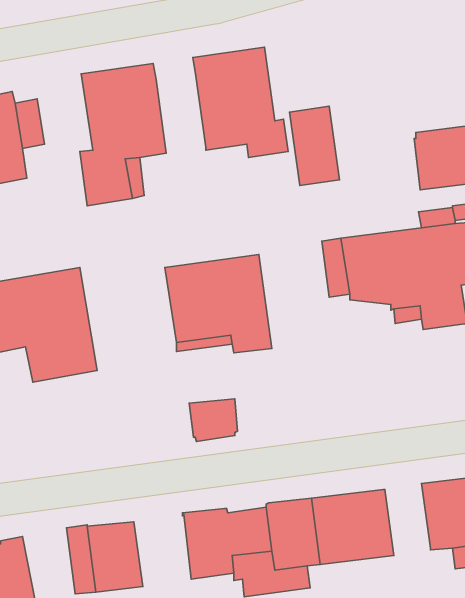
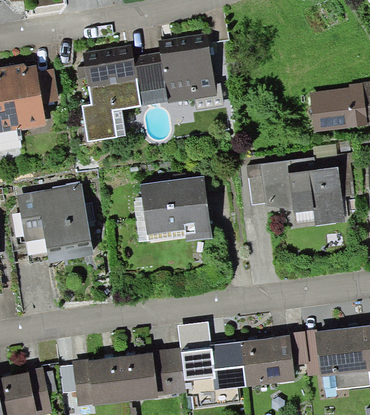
building: [289,106,339,186] -> [133,52,167,106]
building: [189,399,238,441] -> [177,322,210,351]
building: none -> [288,330,320,376]
building: none -> [118,352,157,401]

